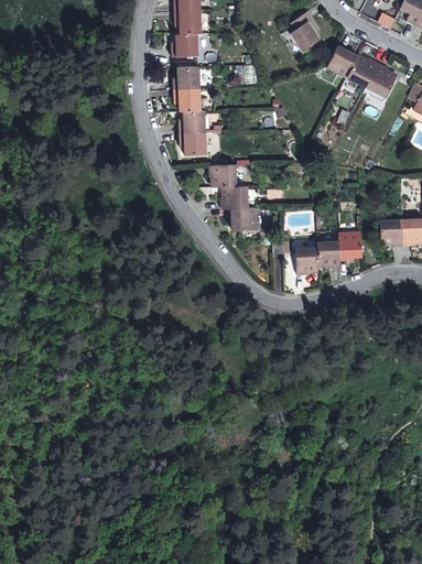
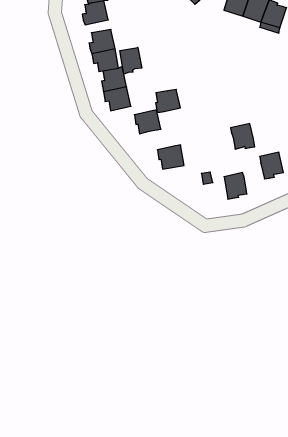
building: none -> [120,47,142,74]
building: [220,185,247,207] -> [156,89,180,113]
building: [317,241,340,268] -> [231,124,255,149]

